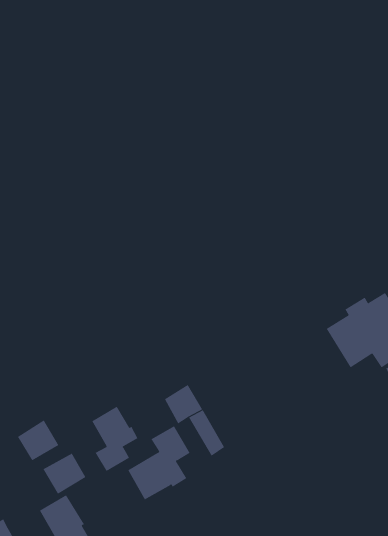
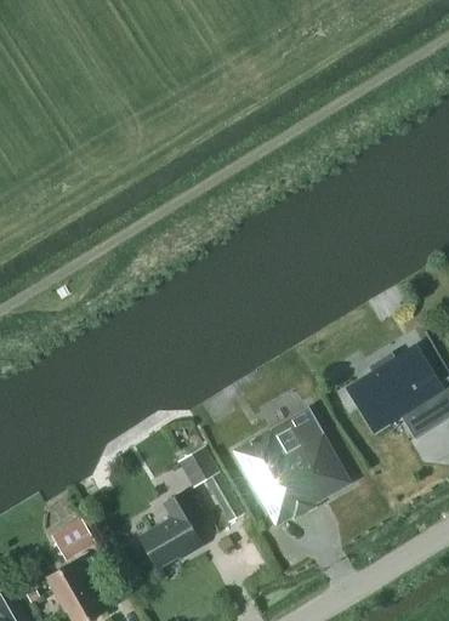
building: none -> [235,410,348,523]
building: [91,406,138,472] -> none
building: [17,419,59,461] -> none

